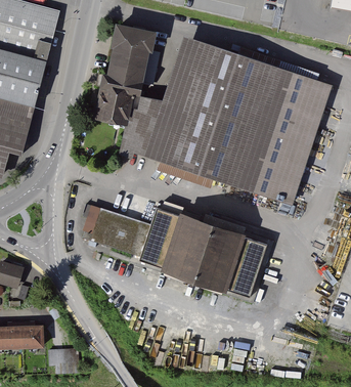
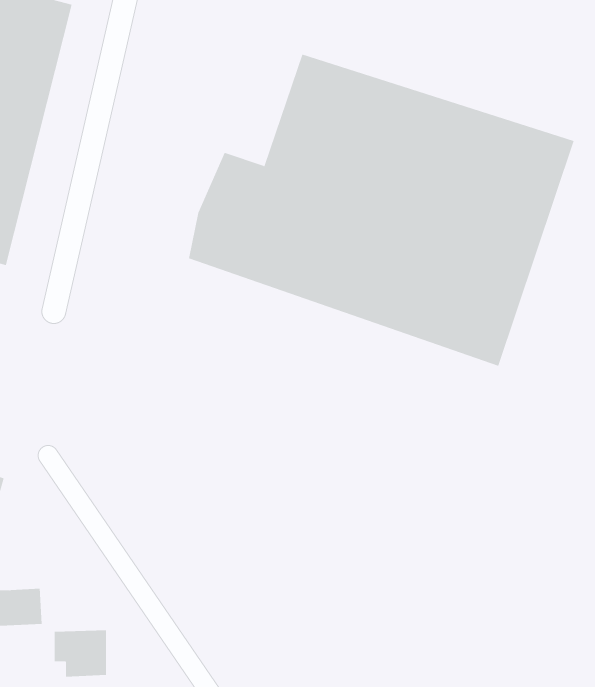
building: [96,22,156,123] -> none
building: [77,204,268,299] -> none

